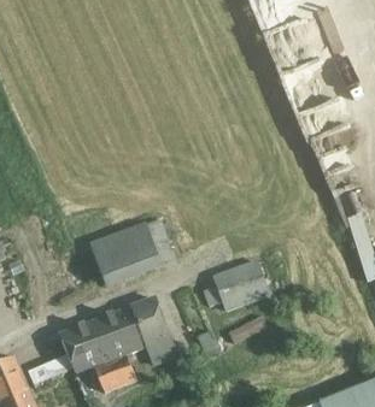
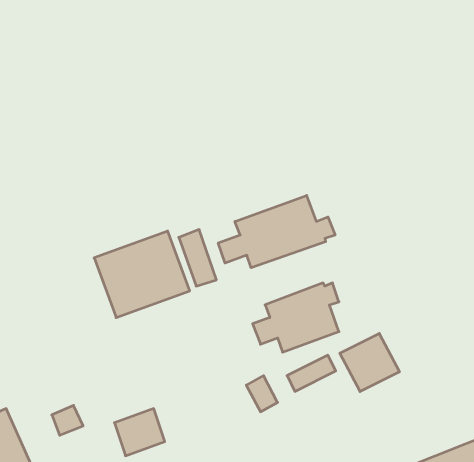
building: none -> [218,195,335,268]
building: [58,296,175,371] -> none
building: none -> [340,333,399,392]

